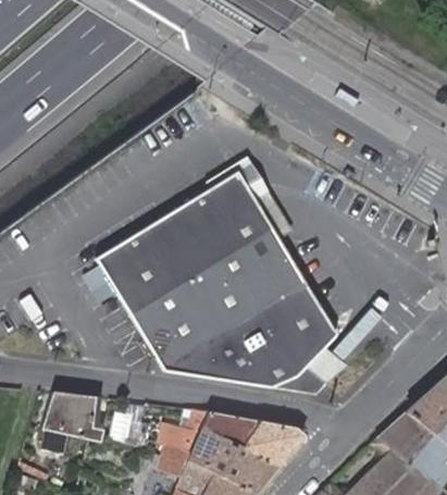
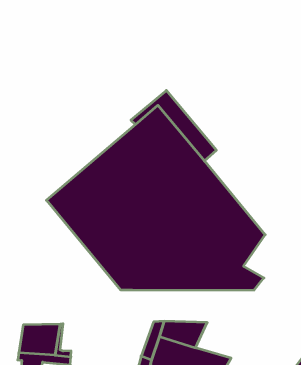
building: [240,422,302,466] -> none

